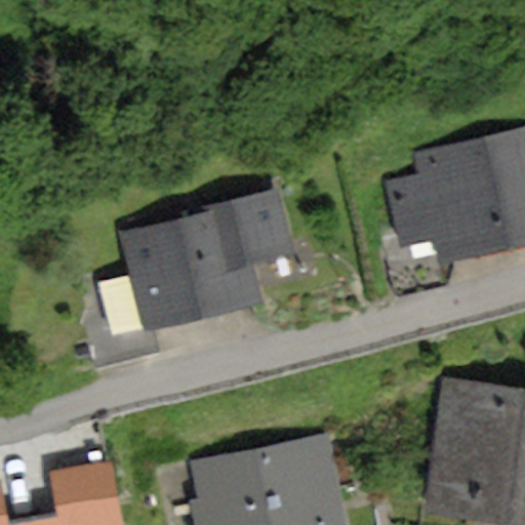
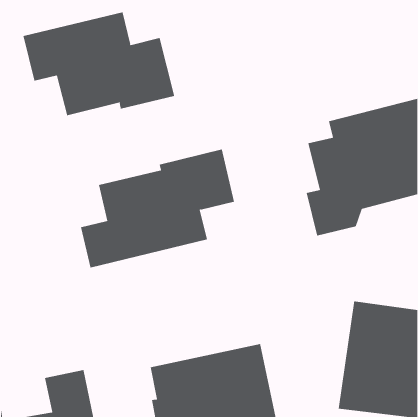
building: none -> [23,11,175,116]

